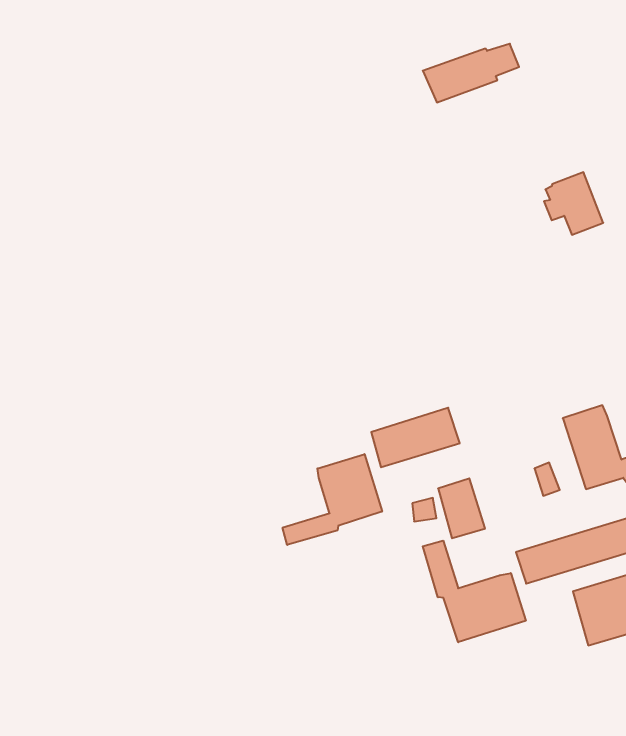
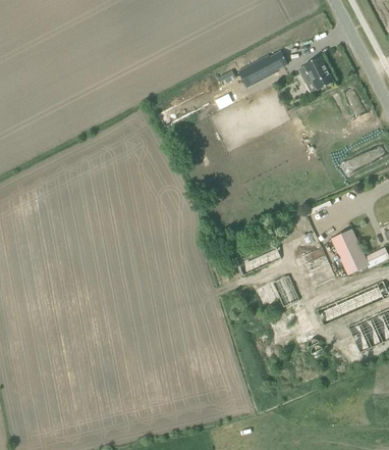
building: [544,172,603,235] -> [301,57,333,90]
building: [283,454,382,545] -> none
building: [423,541,526,642] -> none

